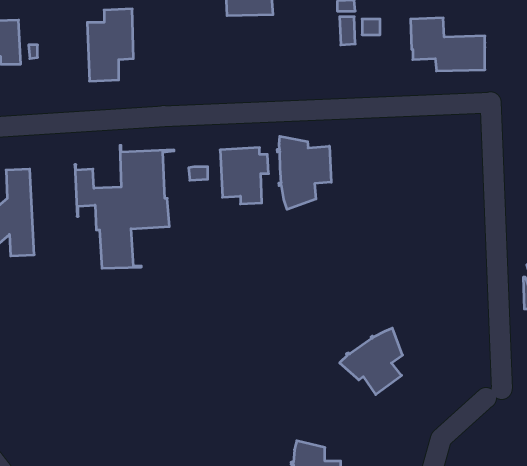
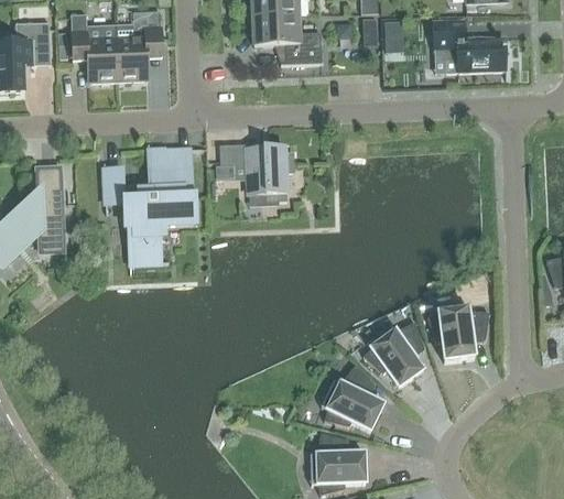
building: none -> [70,13,118,82]
building: none -> [252,15,321,64]
building: [277,136,331,209] -> none
building: none -> [426,308,489,361]
building: none -> [324,365,382,430]

